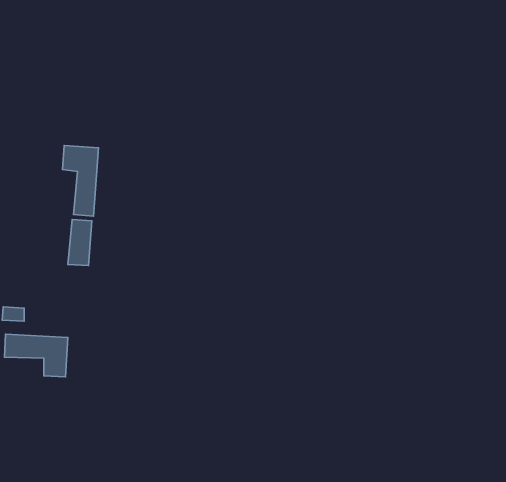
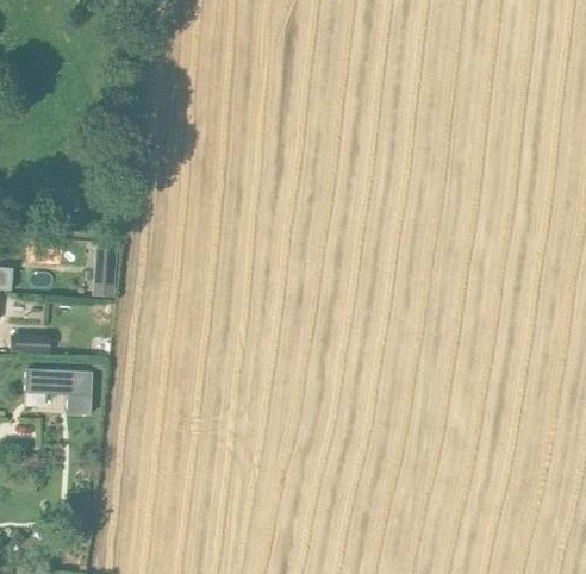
building: [62,146,99,216] -> none

